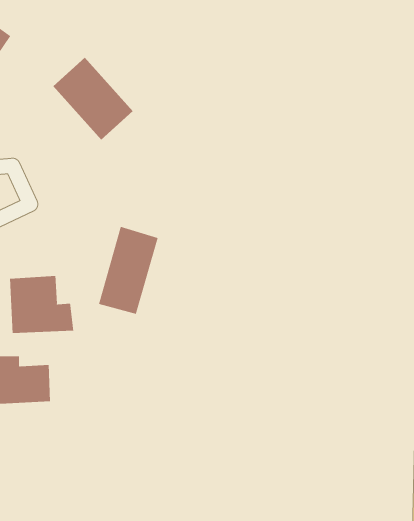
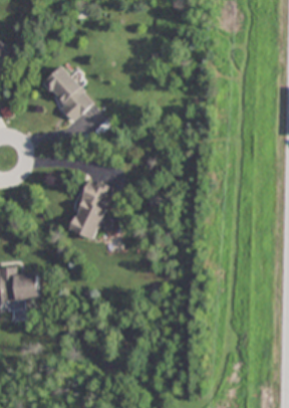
building: [9,275,74,334] -> none

